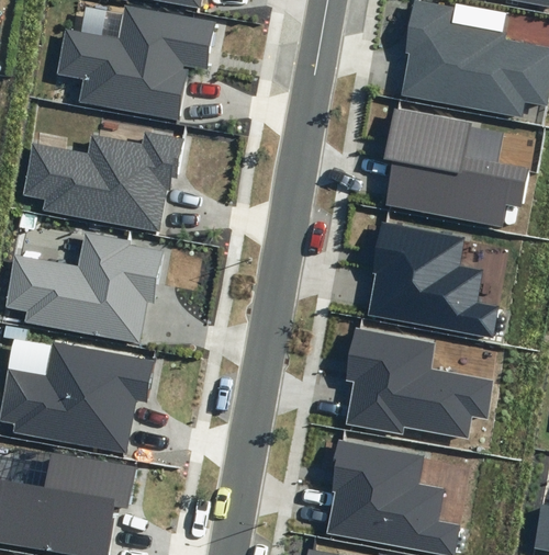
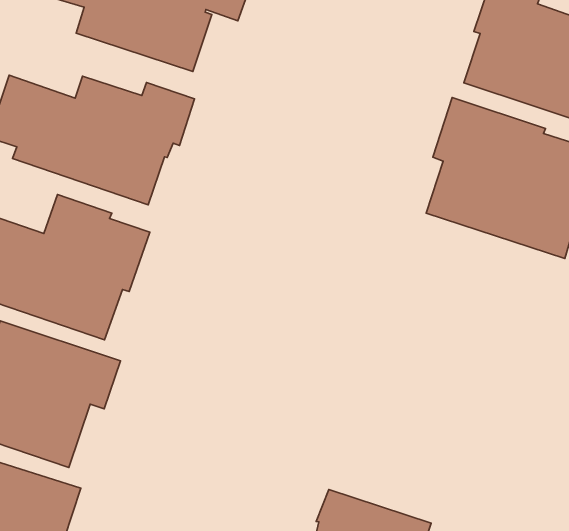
building: [368,222,500,338] -> none
building: [345,327,495,440] -> none

